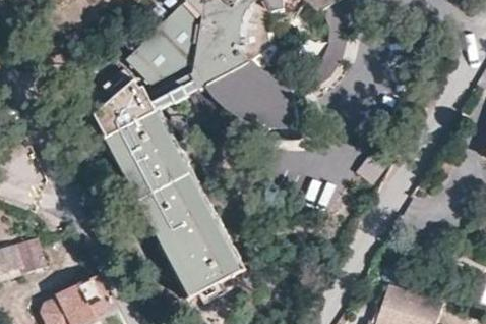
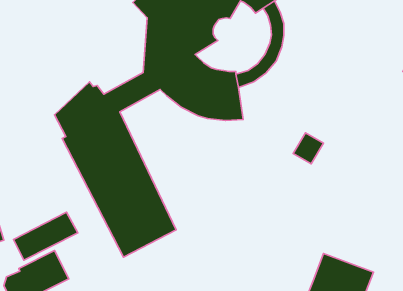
building: [120,7,188,87] -> none
building: [173,250,242,302] -> [14,212,78,260]

